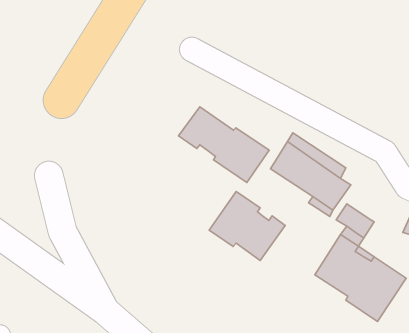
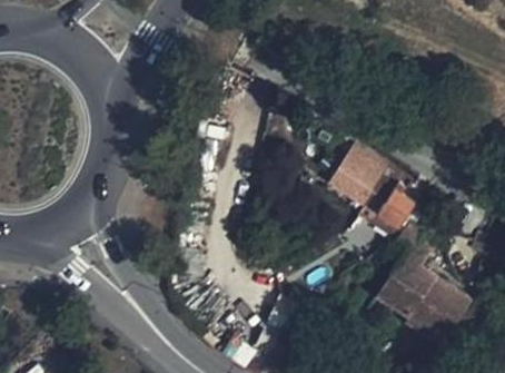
building: [178,107,269,183] -> none
building: [209,191,285,260] -> none

